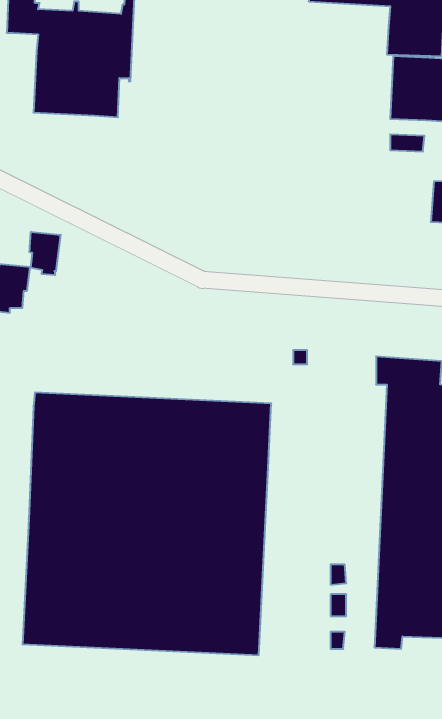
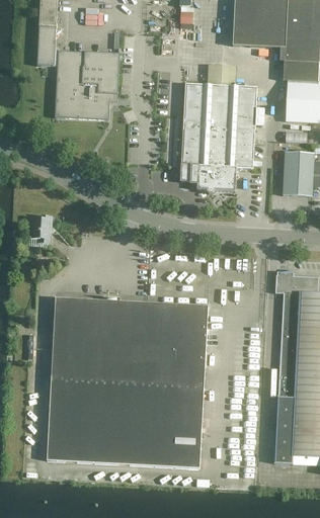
building: none -> [180,64,257,193]
building: none -> [283,151,314,195]
building: [30,232,61,275] -> none

